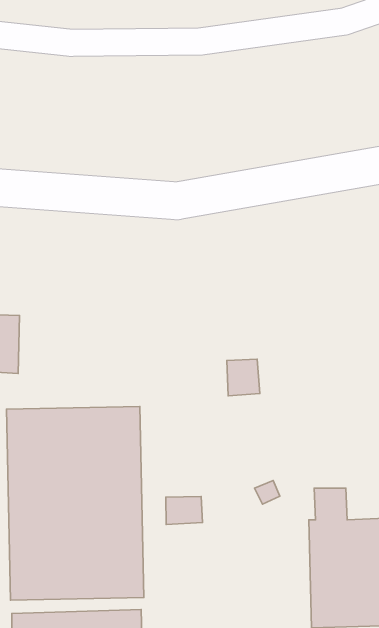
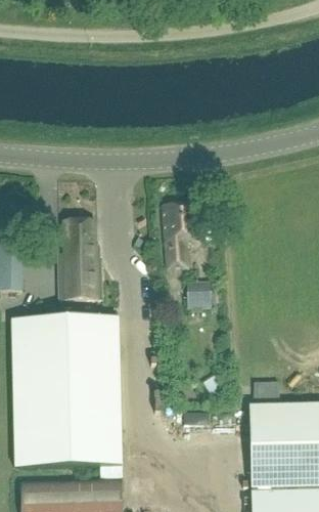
building: none -> [162,203,200,269]
building: none -> [57,221,101,300]
building: [166,496,203,524] -> none

